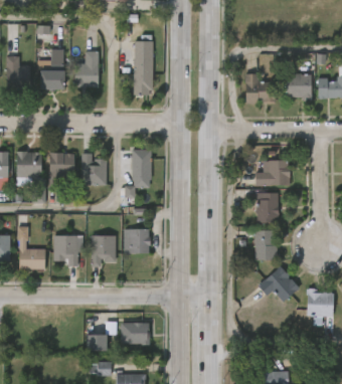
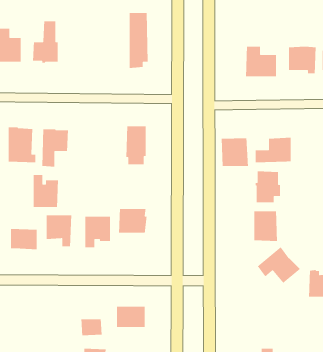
building: [70,51,97,89] -> none
building: [80,154,106,186] -> [33,174,59,208]
building: none -> [221,137,249,167]

